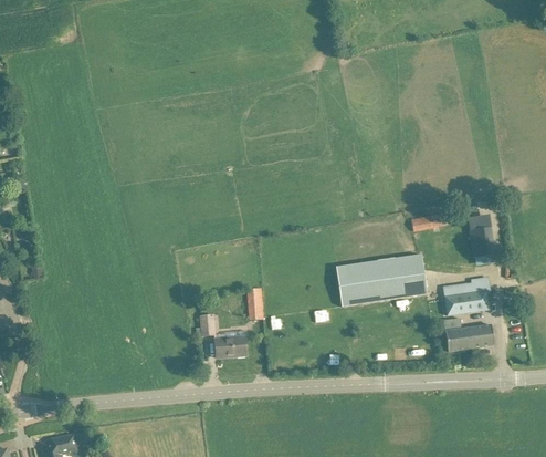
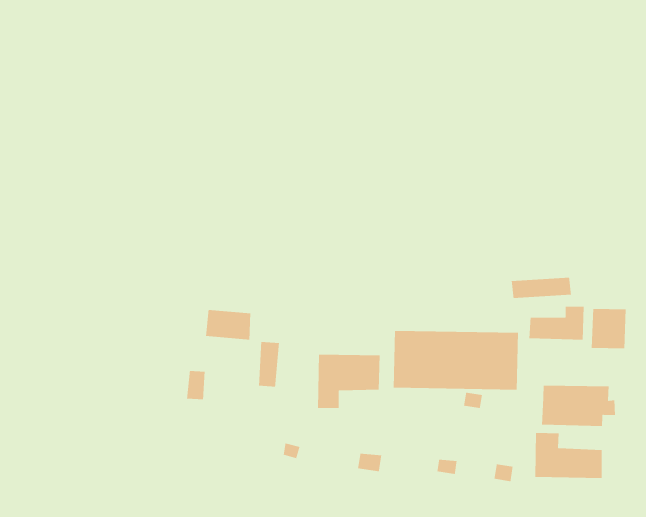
building: none -> [529,306,584,340]
building: none -> [317,354,381,409]
building: [214,335,246,356] -> [205,309,251,340]

